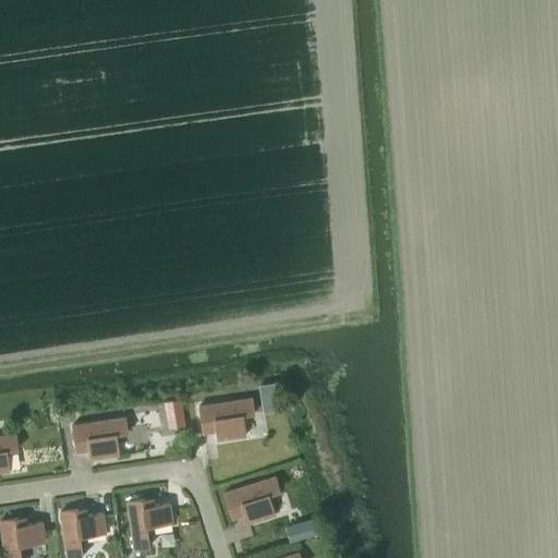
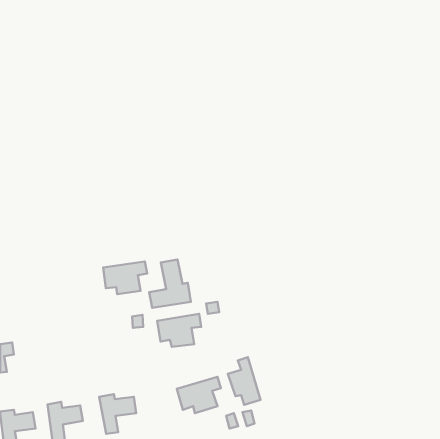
building: none -> [149,259,191,308]
building: [73,418,129,460] -> [103,261,147,294]
building: none -> [228,357,261,405]

